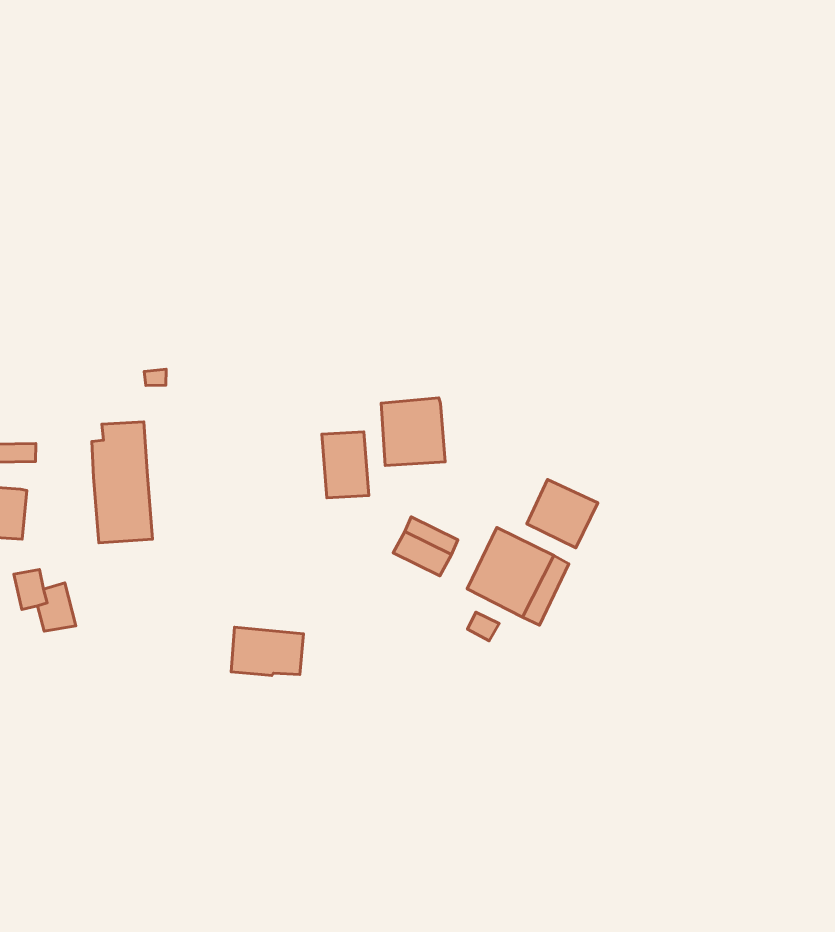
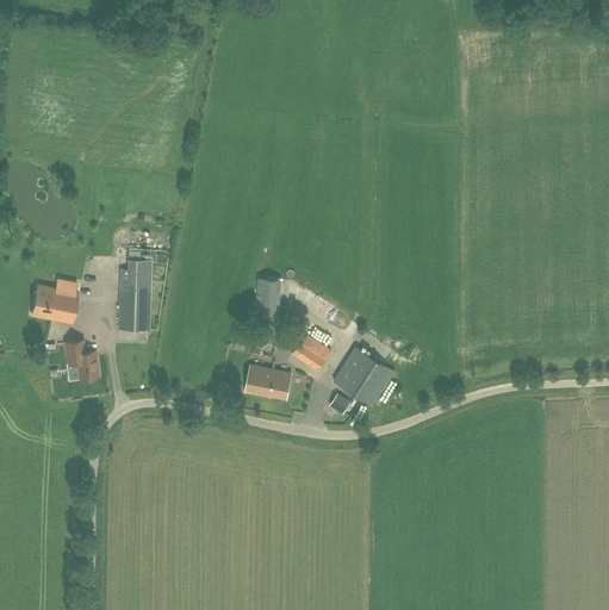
building: [381,398,445,465] -> none
building: [527,479,598,548] -> none
building: [231,627,303,675] -> [244,366,290,398]

